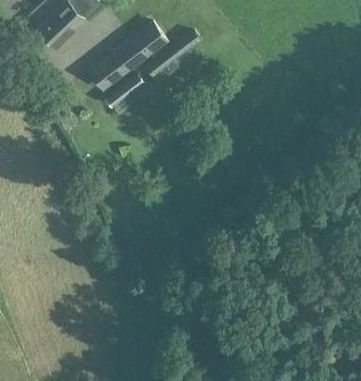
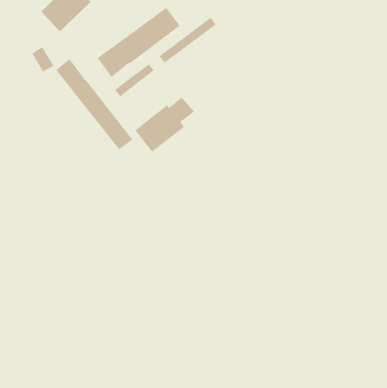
building: none -> [55,58,133,150]
building: none -> [134,97,195,152]

